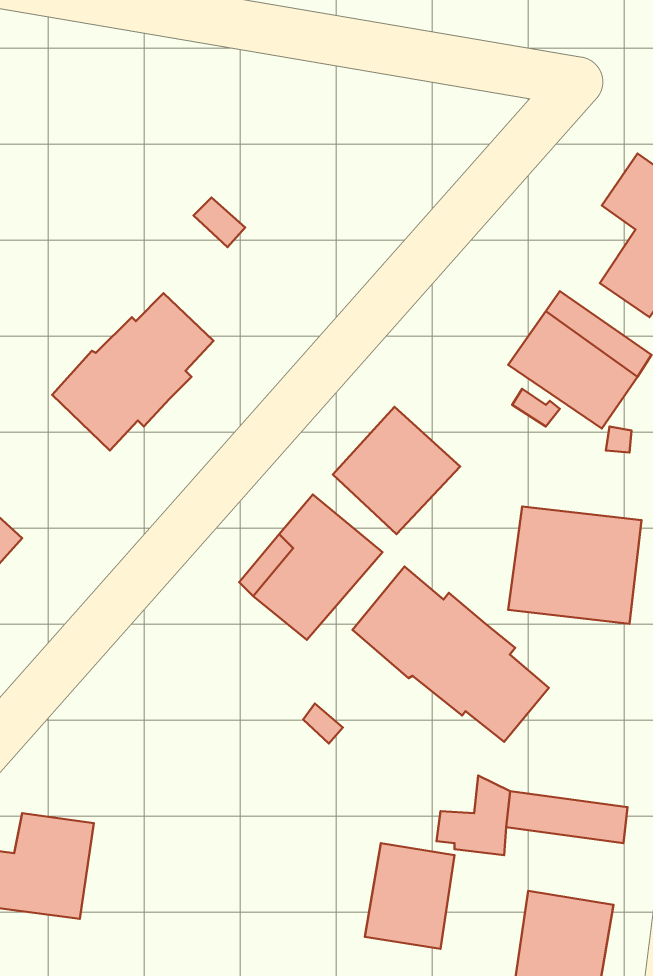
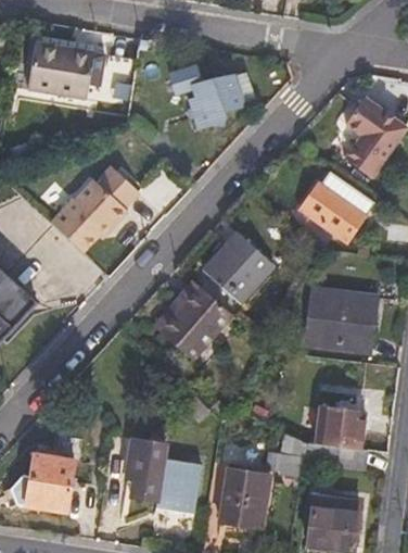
building: none -> [26,45,92,98]
building: none -> [166,77,239,137]
building: [353,566,549,742] -> none
building: none -> [313,406,360,445]
building: none -> [126,437,201,515]

